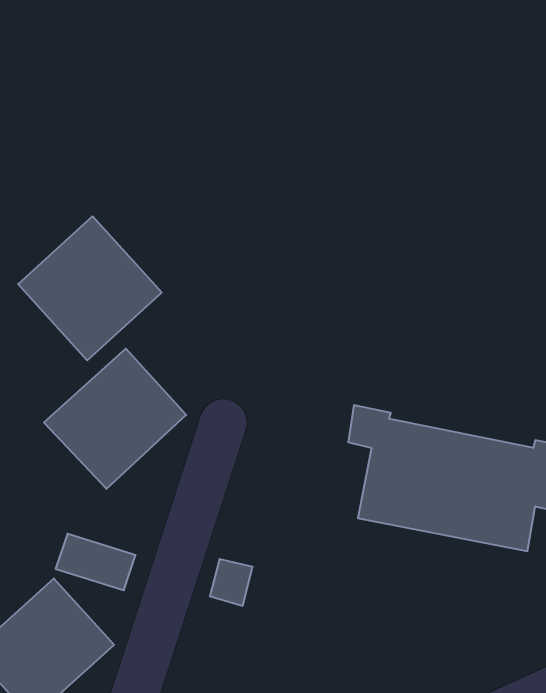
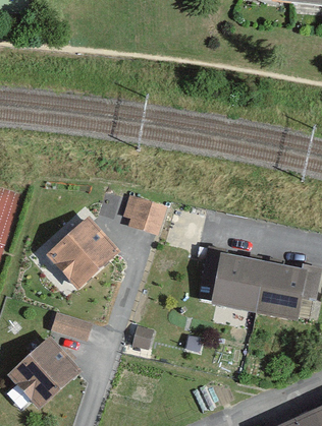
building: [18,216,162,360] -> none
building: none -> [122,195,166,235]

